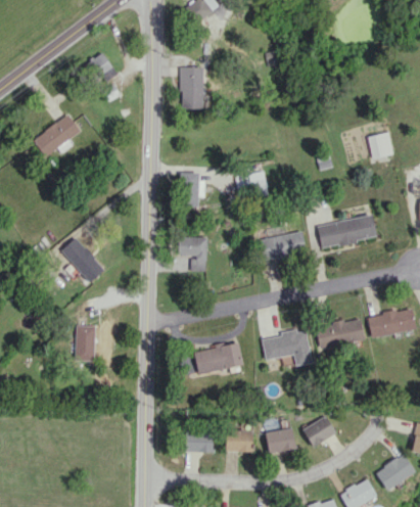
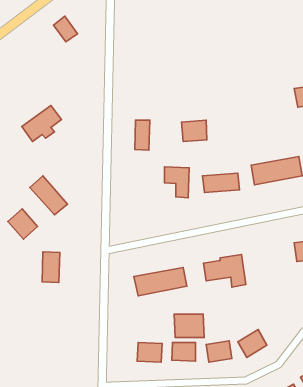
building: [180,66,204,109] -> none
building: [35,114,81,156] -> [22,105,61,142]
building: [179,236,207,272] -> [164,167,189,198]
building: none -> [8,209,38,239]
building: [315,318,365,350] -> none
building: none -> [174,314,204,338]

